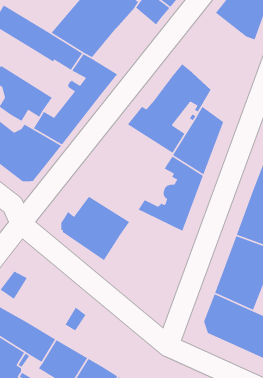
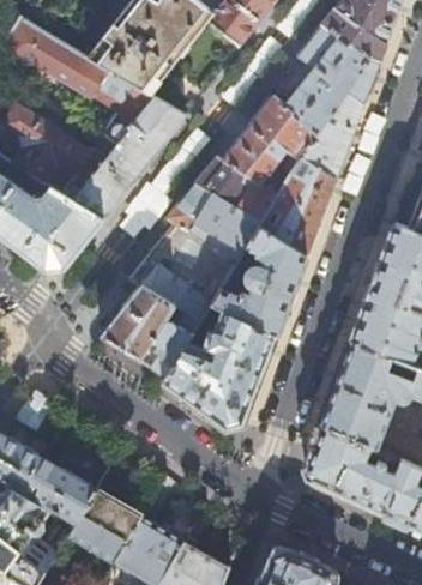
building: none -> [284,26,379,182]
building: none -> [131,186,261,325]
building: none -> [162,313,276,433]

